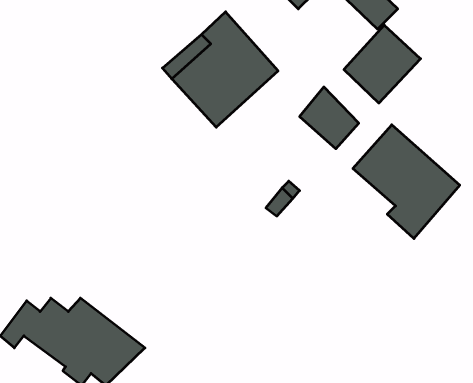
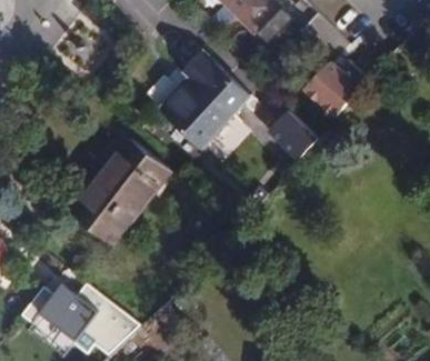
building: none -> [70,138,170,243]
building: [353,125,460,239] -> none

